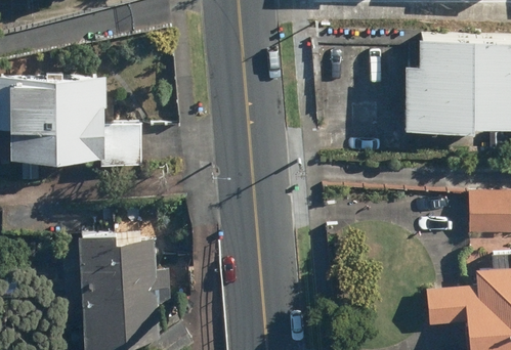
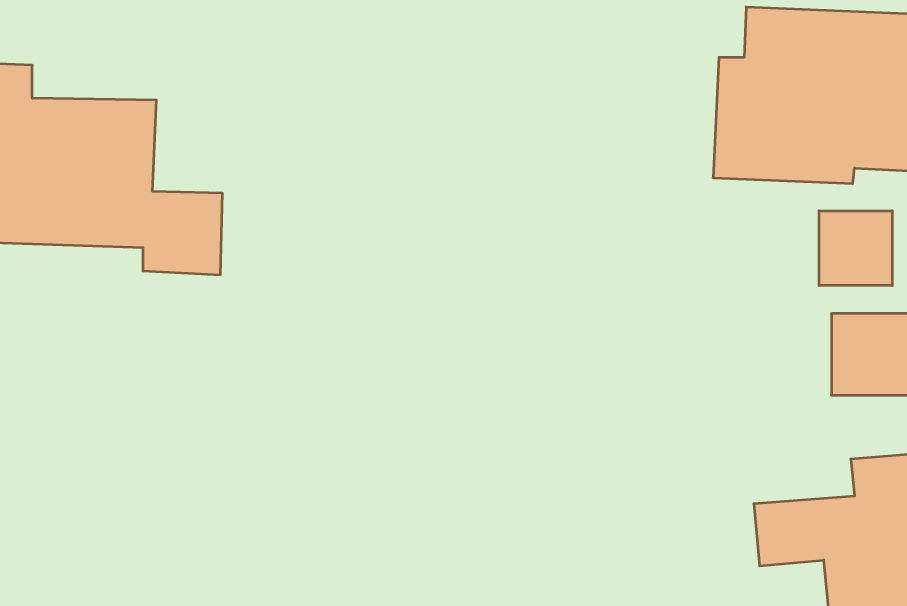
building: none -> [819,211,892,286]
building: [82,236,167,336] -> none

